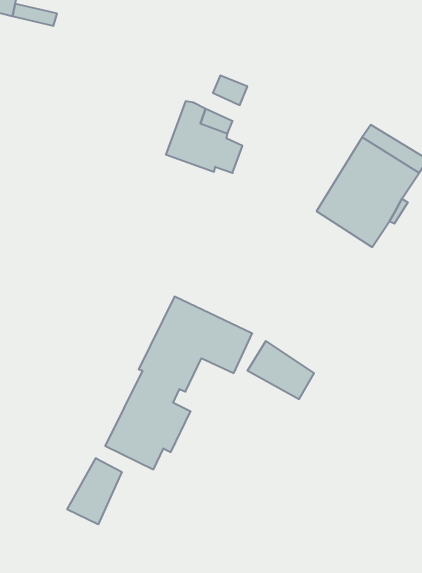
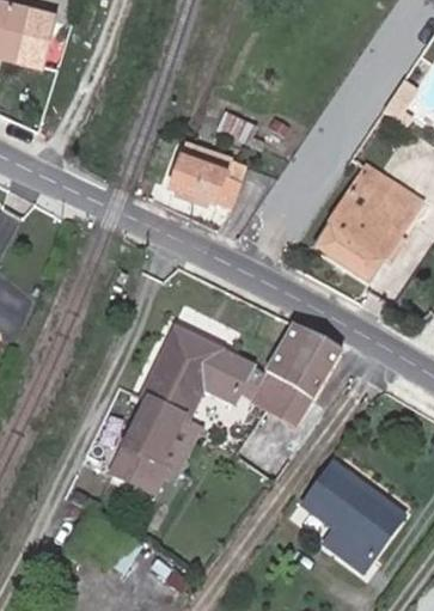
building: none -> [263,322,343,403]
building: none -> [302,466,401,569]
building: [67,458,122,524] -> none

